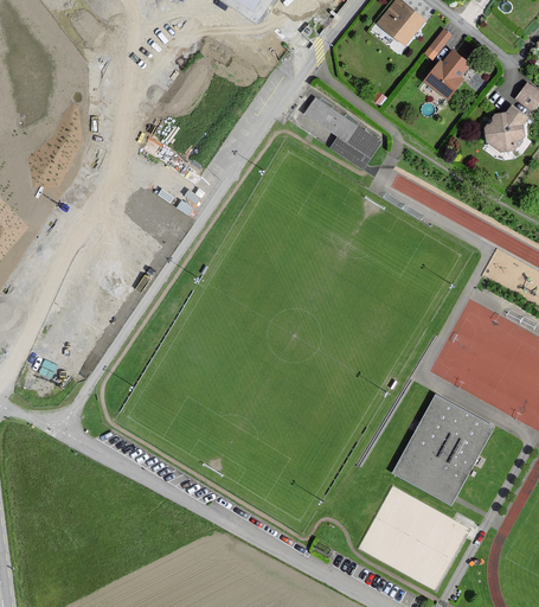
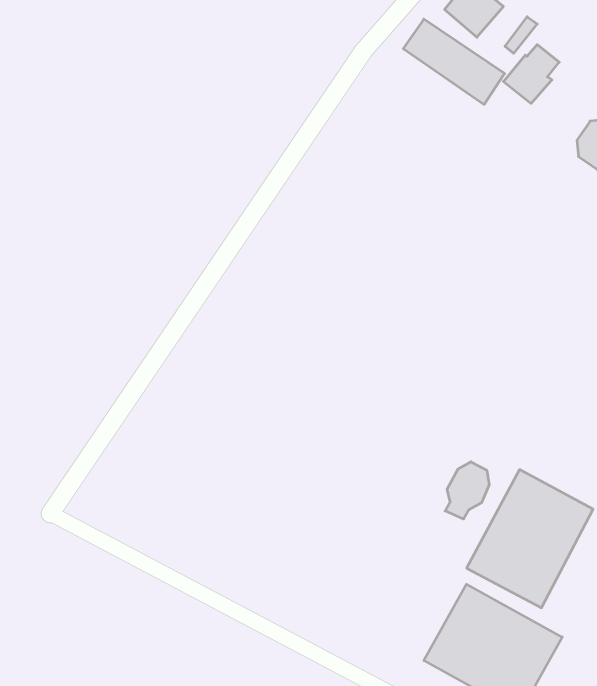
building: [300,98,381,167] -> [403,19,505,104]
building: none -> [445,462,489,519]

